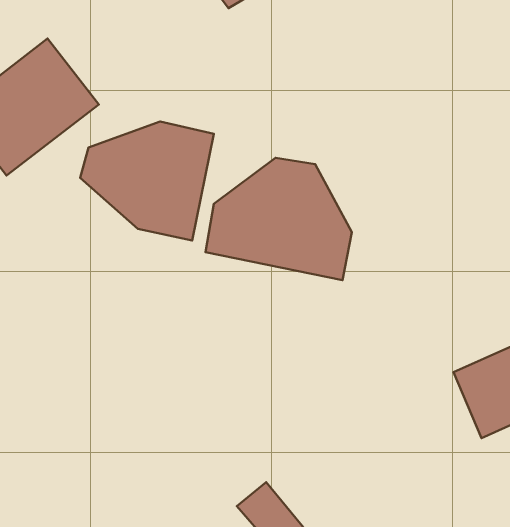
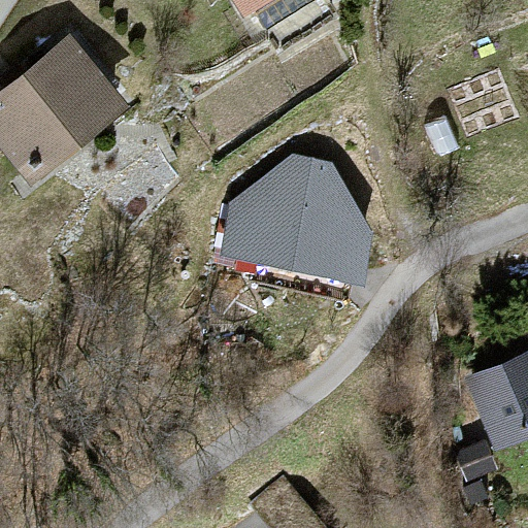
building: [80,122,214,240] -> none

